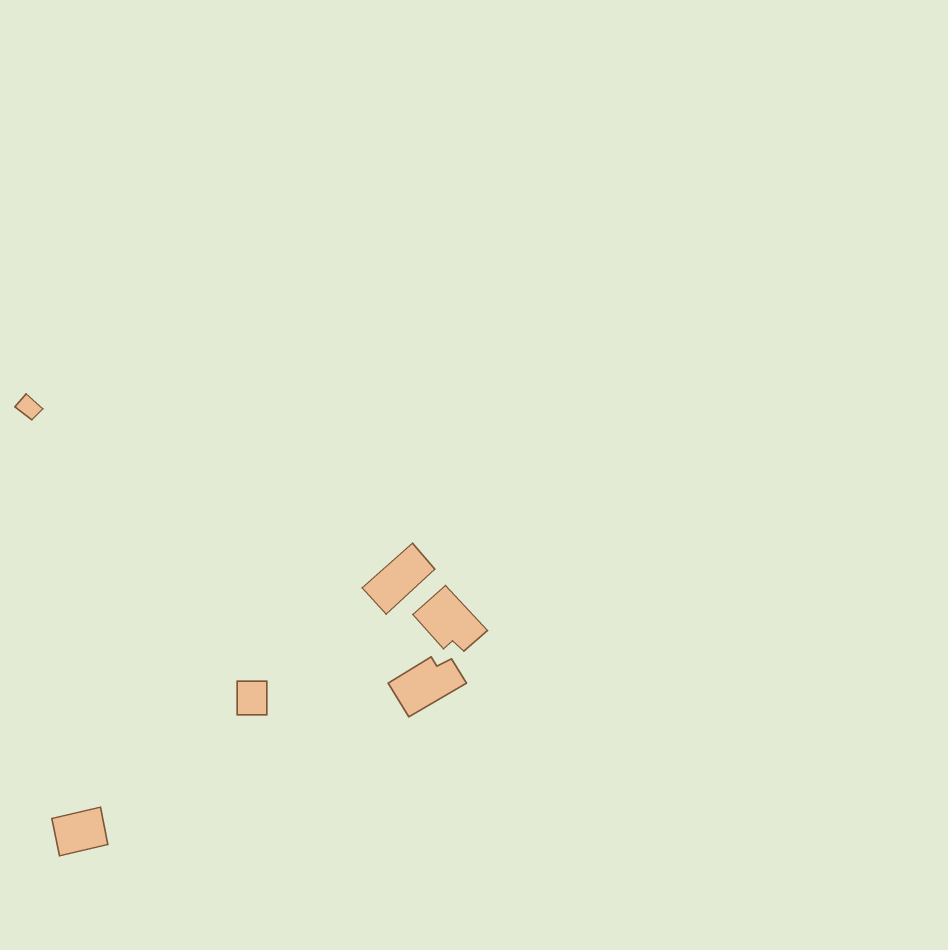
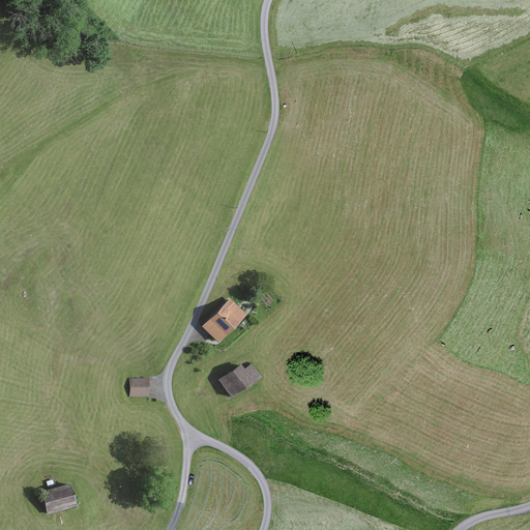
building: [413,586,488,651] -> none
building: [52,807,108,856] -> [42,484,73,511]

